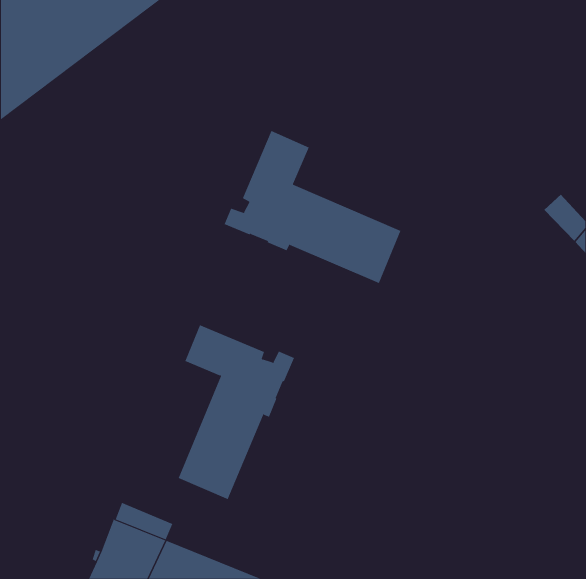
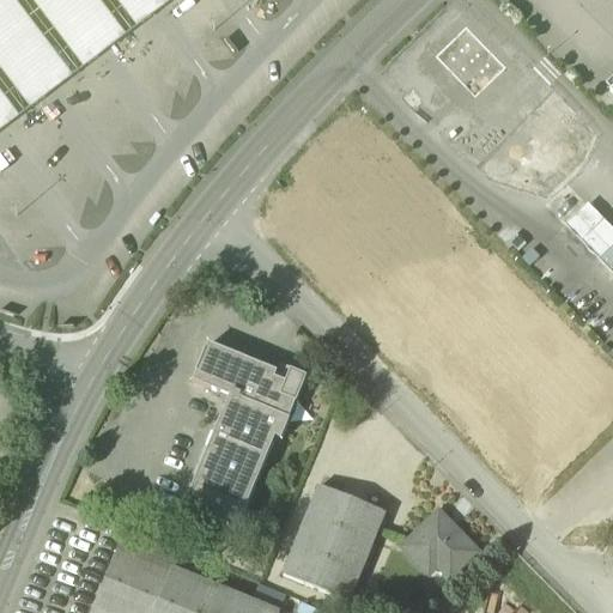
building: [224,130,401,284] -> none
building: none -> [283,482,386,599]
building: none -> [402,509,477,576]

